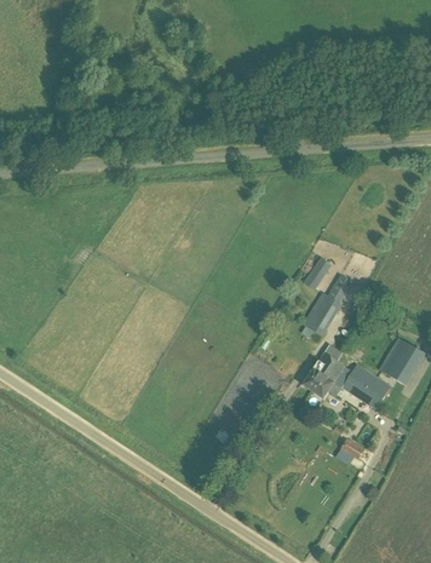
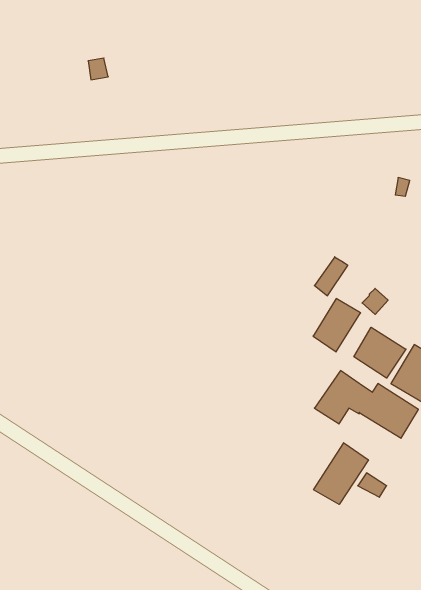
building: none -> [354,327,406,378]
building: none -> [314,443,368,504]

